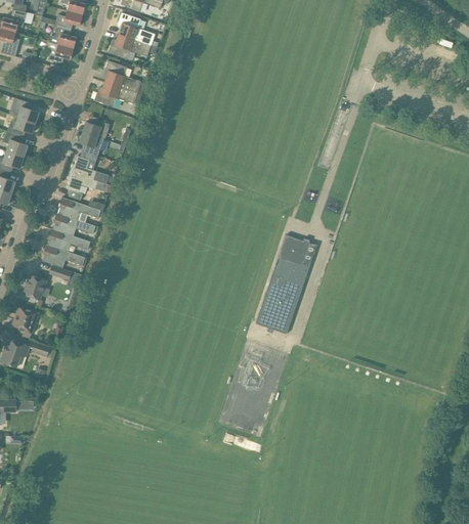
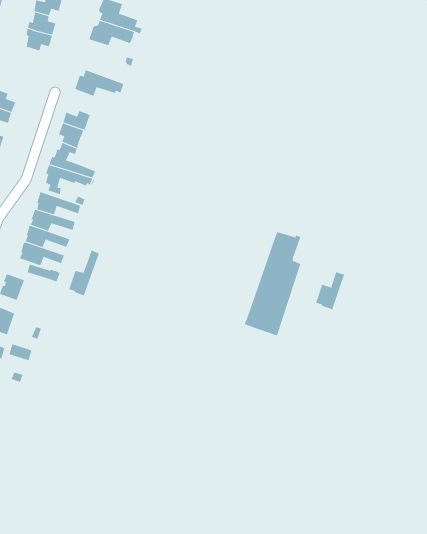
building: [103,60,146,94] -> none
building: none -> [68,247,100,296]
building: none -> [315,271,345,310]

